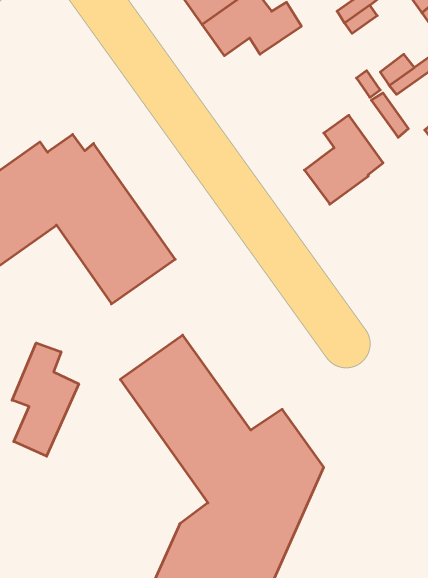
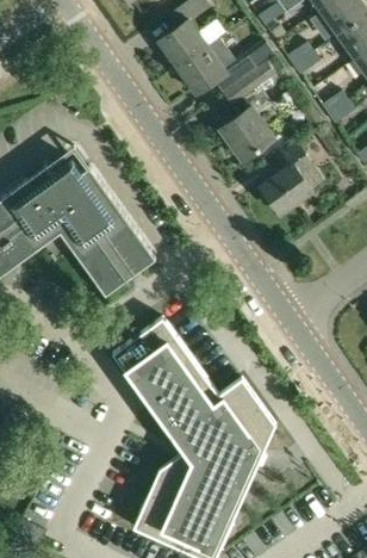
building: none -> [219,68,274,162]
building: [12,343,79,456] -> none

